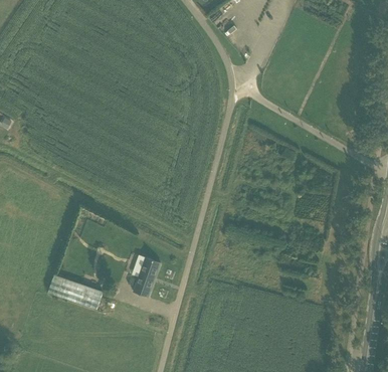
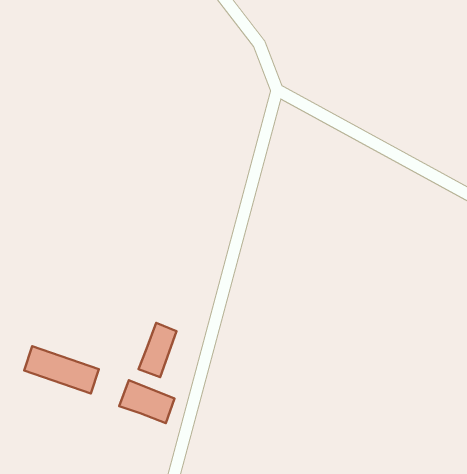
building: none -> [119,380,174,423]

